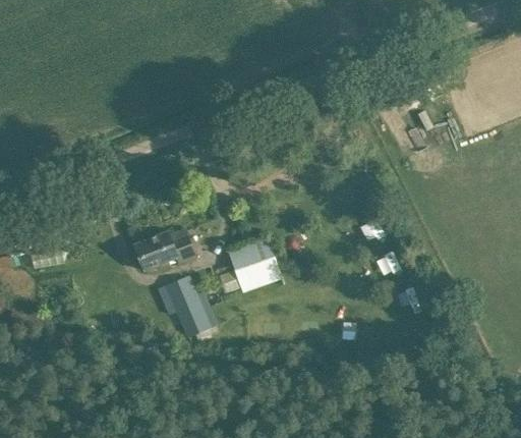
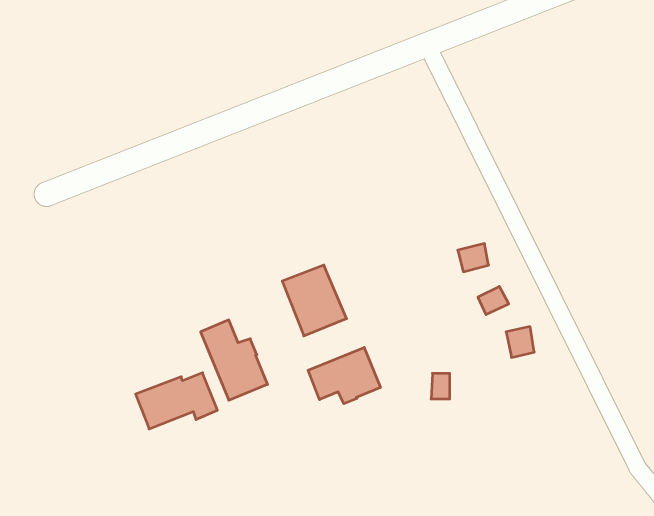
building: [133,227,195,270] -> [136,373,217,429]
building: none -> [308,347,380,404]

